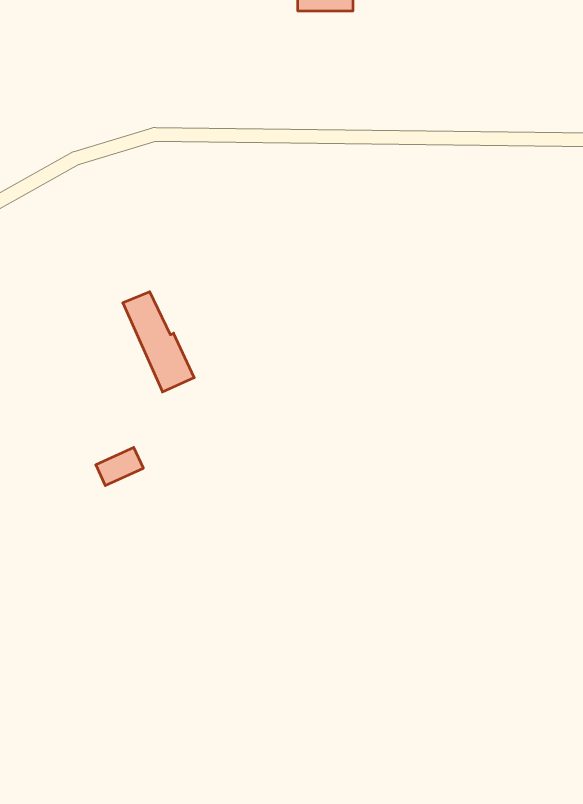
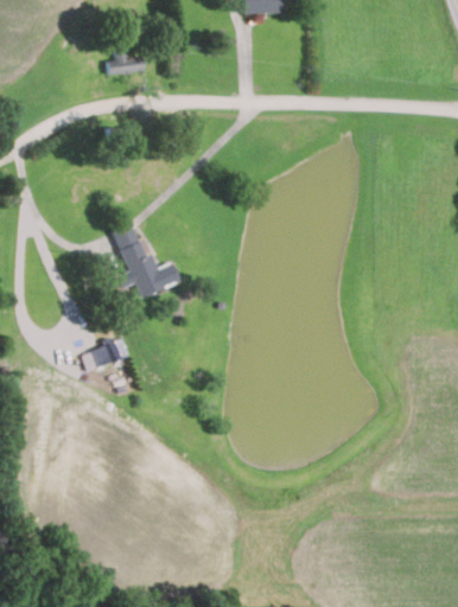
building: none -> [108,44,146,75]

